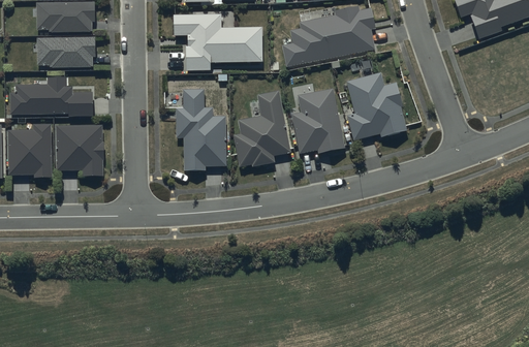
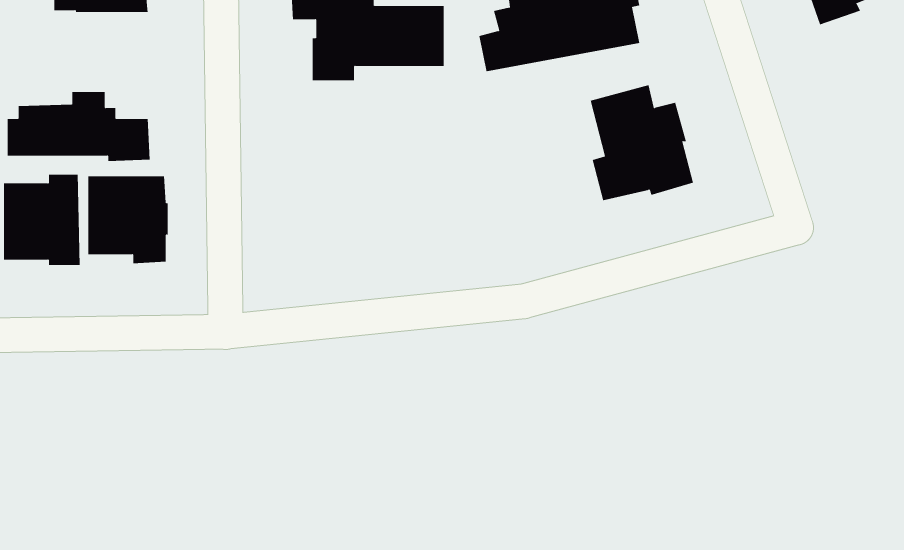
building: [37,36,95,67] -> none
building: [176,89,226,169] -> none
building: [292,89,344,154] -> none
building: [235,90,291,166] -> none

